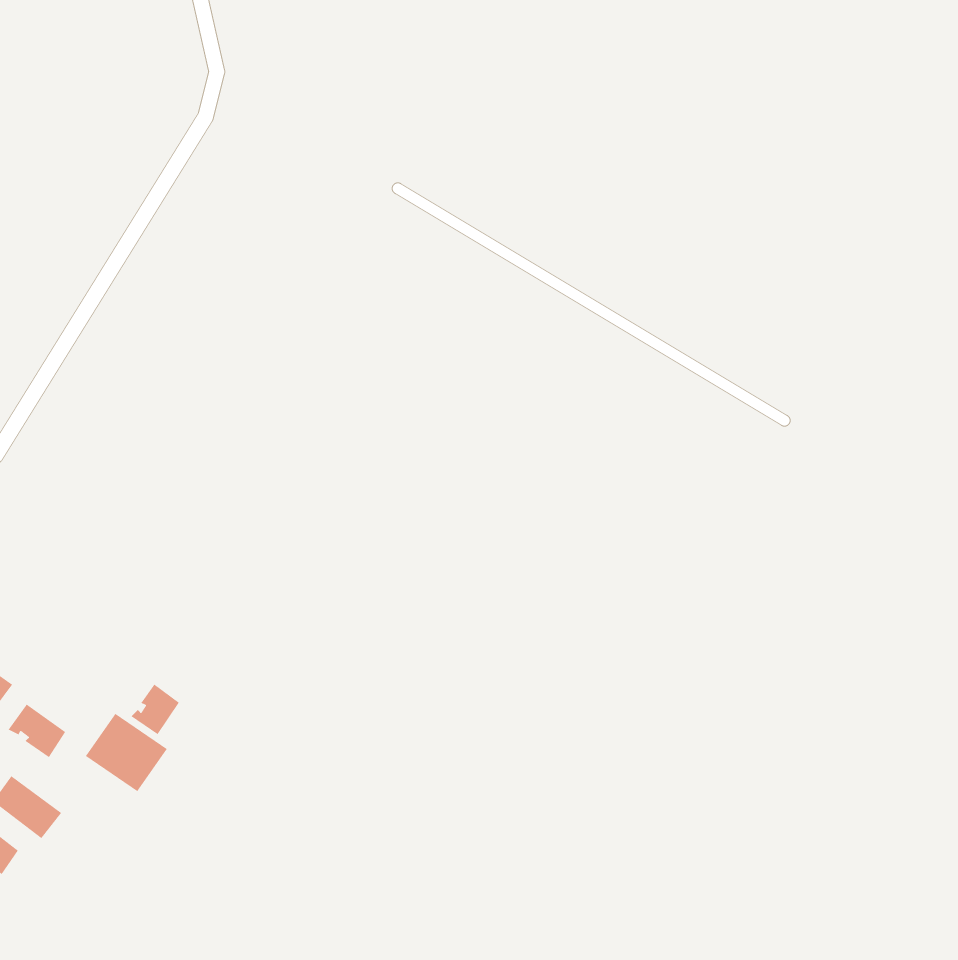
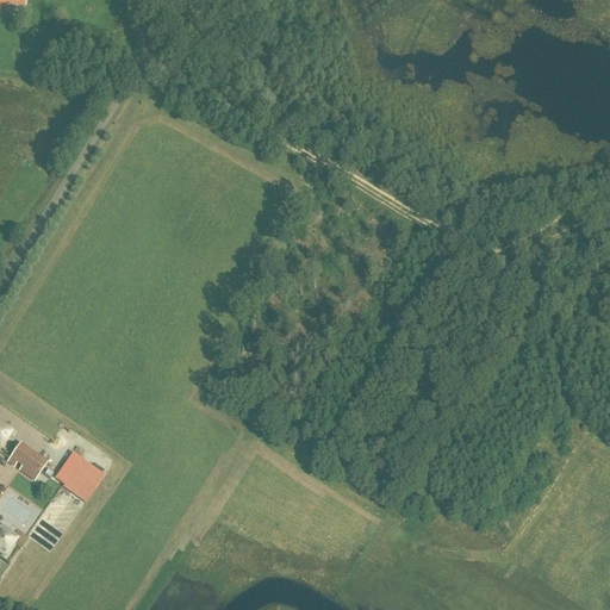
building: [130,683,180,735] -> none

